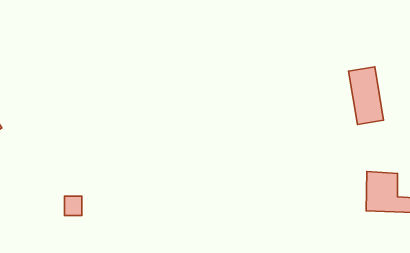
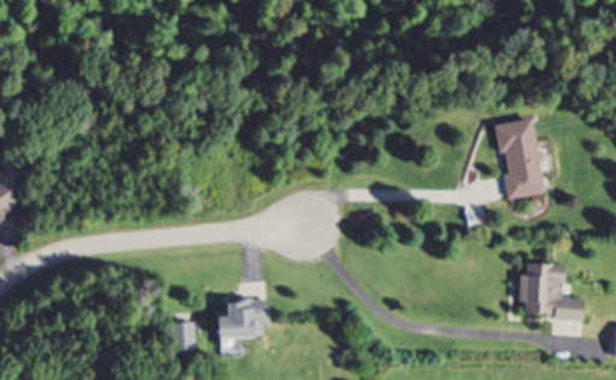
building: [64,196,82,215] -> [171,323,195,350]
building: none -> [212,301,270,338]

